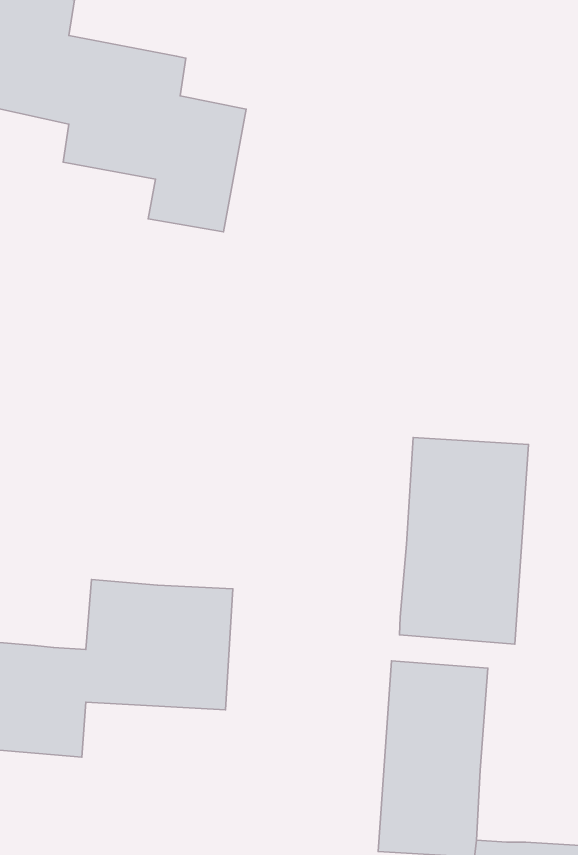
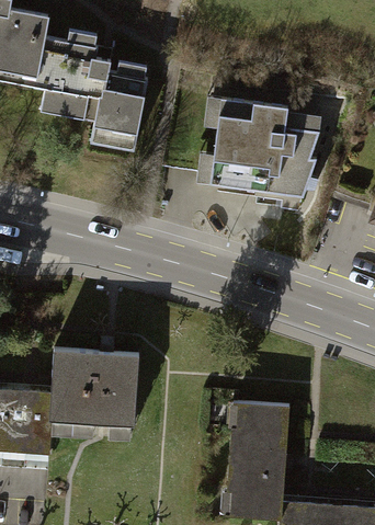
building: none -> [198,99,323,207]
building: [400,437,529,644] -> none

